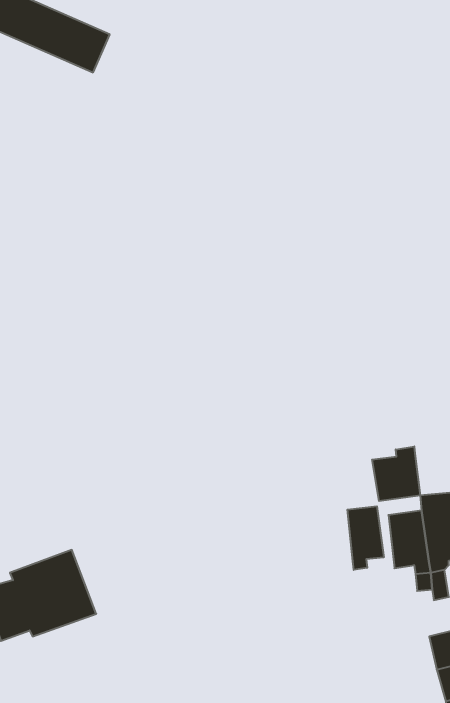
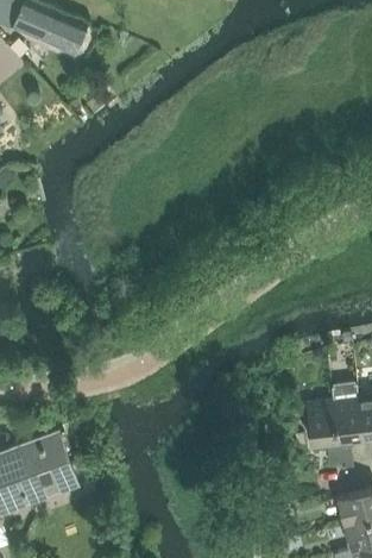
building: [372,446,420,501] -> none
building: [347,506,384,570] -> none

